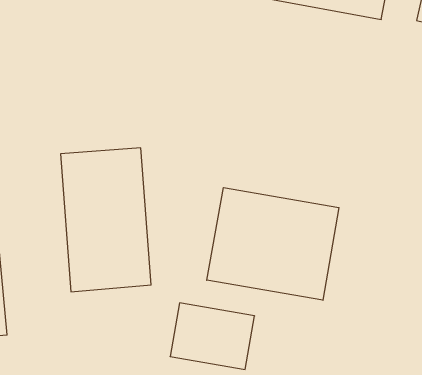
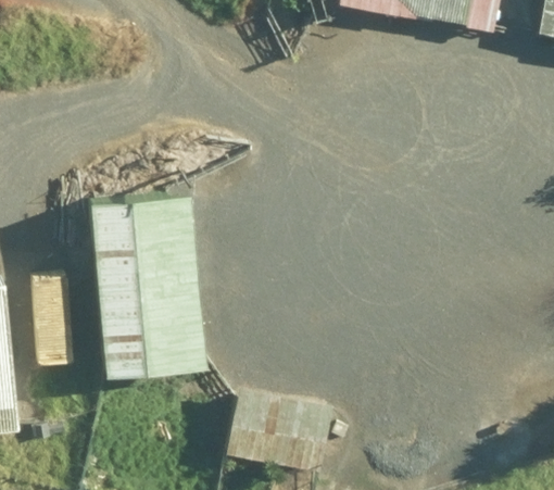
building: [207,188,339,300] -> none

